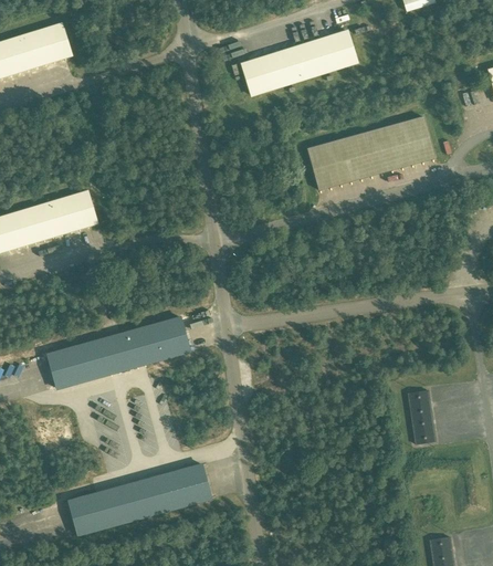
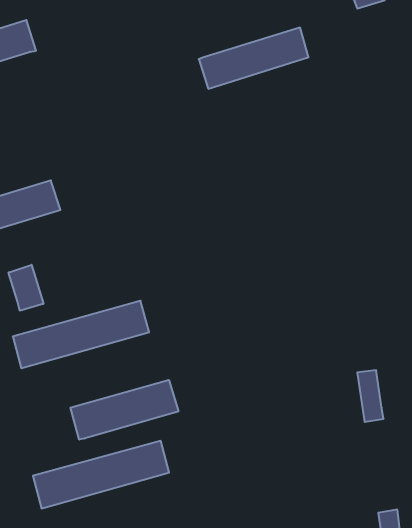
building: [307,116,434,190] -> none
building: none -> [9,265,43,311]
building: none -> [70,380,178,440]

